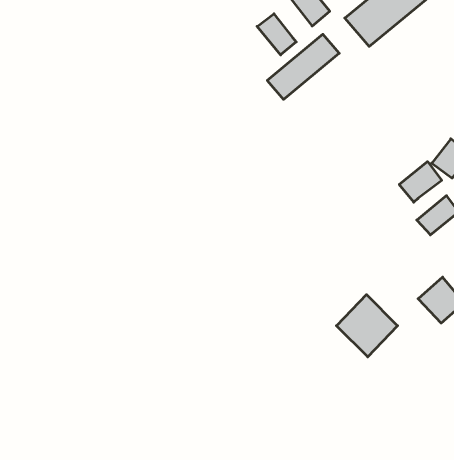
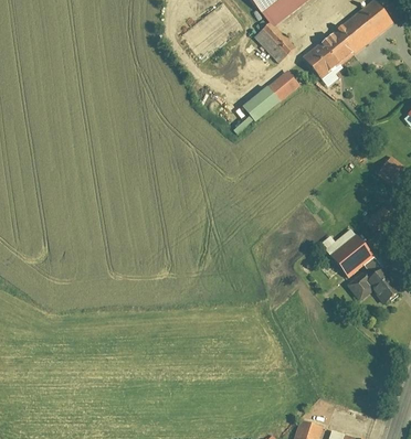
building: [257,14,296,55] -> none
building: [399,162,442,202] -> none
building: [336,295,398,357] -> [330,238,380,289]

